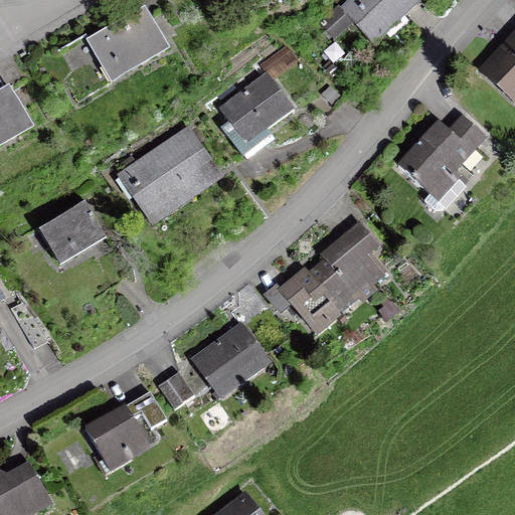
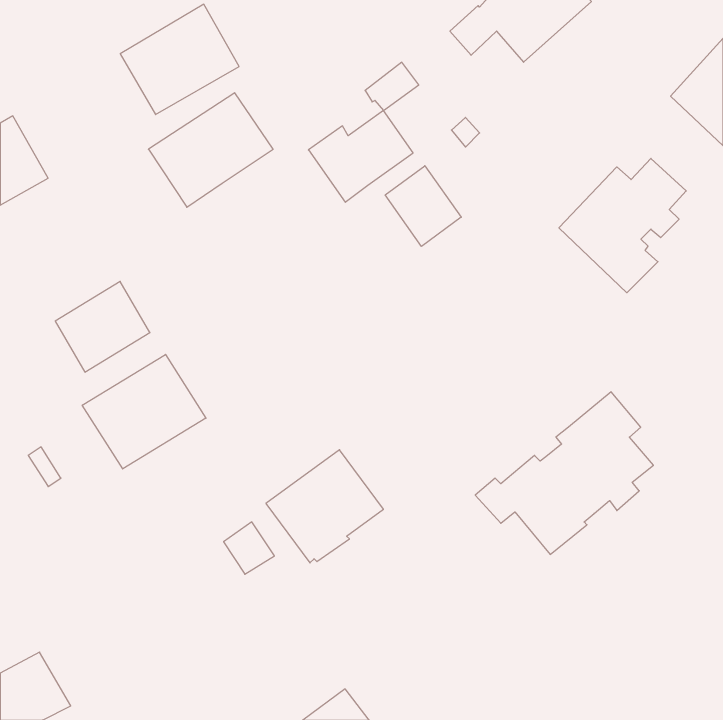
building: none -> [385,166,461,246]
building: [125,133,213,214] -> [148,93,273,207]
building: [263,220,389,336] -> [475,392,653,554]
building: none -> [82,354,206,469]
building: [84,390,167,472] -> none

